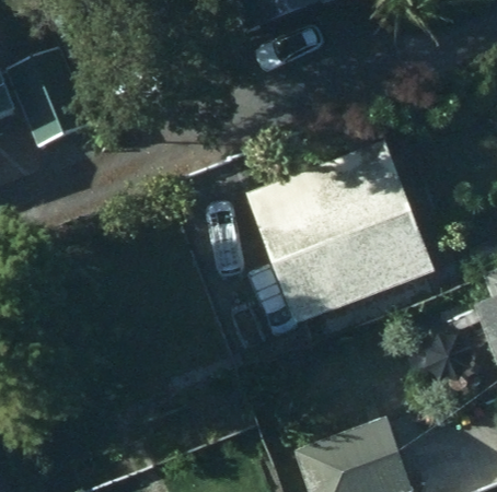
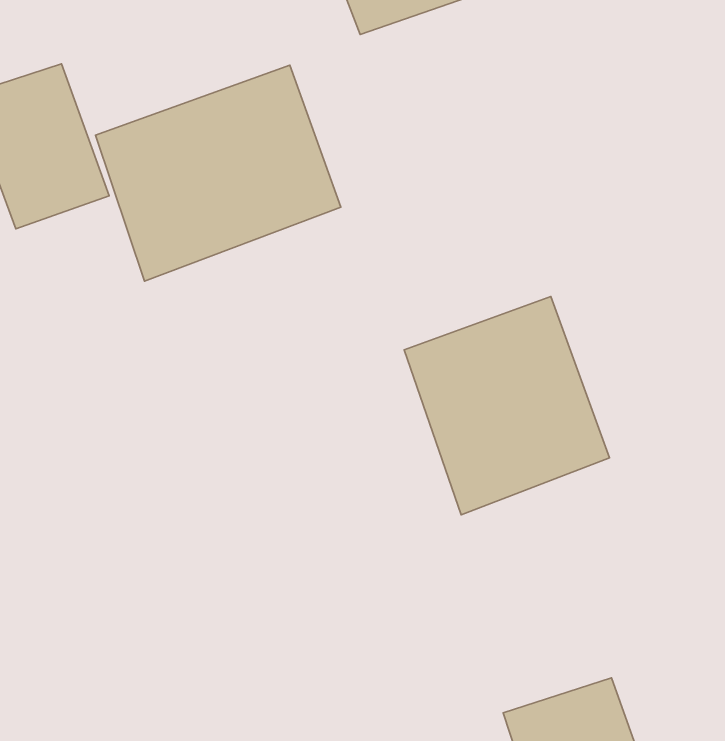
building: none -> [95,65,341,281]

